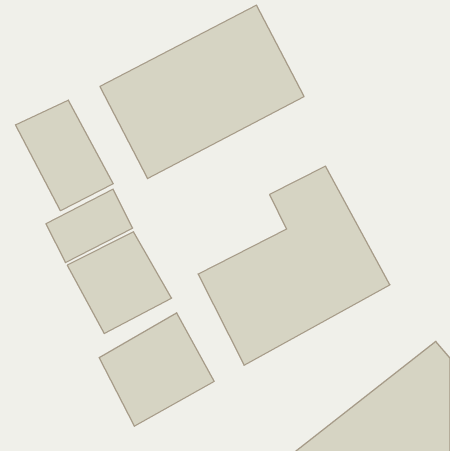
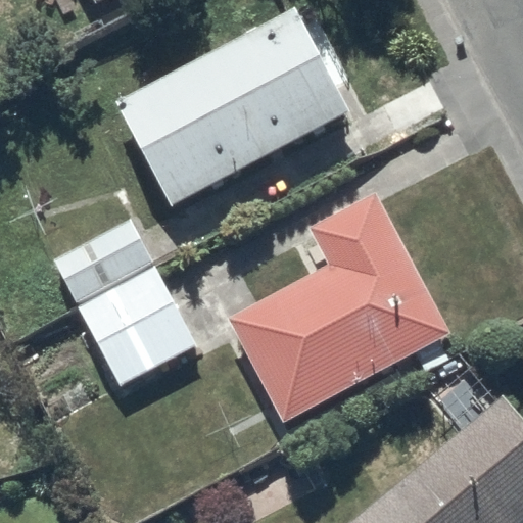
building: [16,100,113,211] -> none
building: [99,313,214,426] -> none

